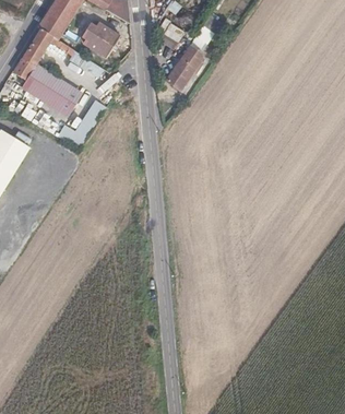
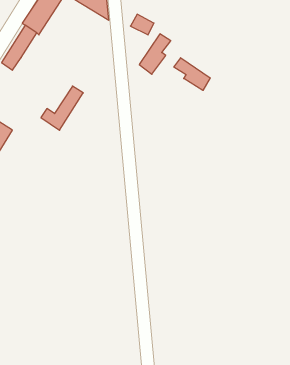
building: [85,24,121,58] -> none
building: [23,67,80,115] -> none
building: none -> [174,58,210,90]

